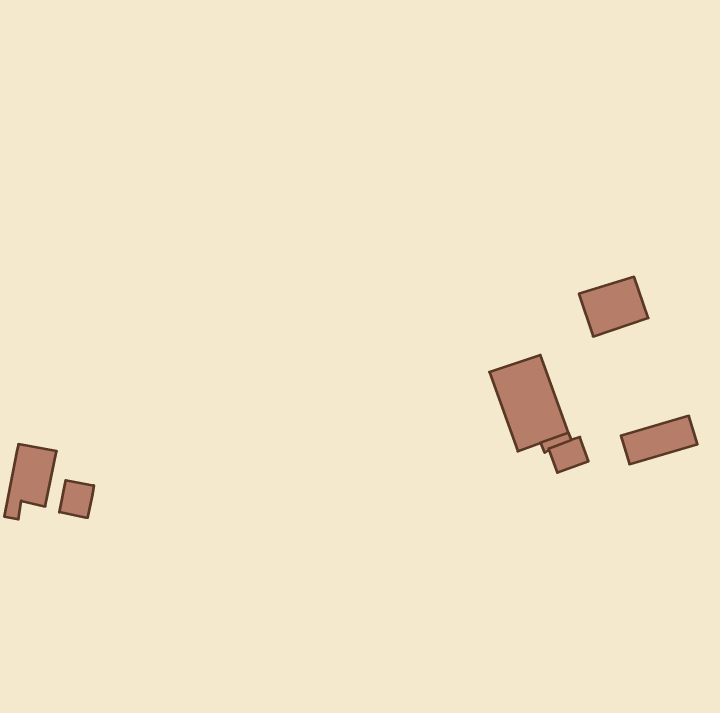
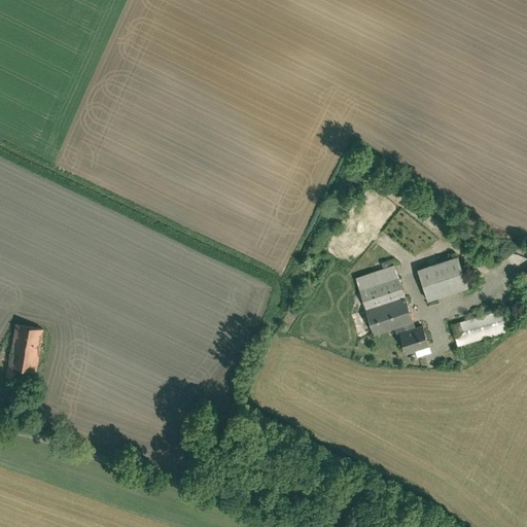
building: [579,277,648,336] -> [416,257,466,301]
building: [59,480,94,518] -> none

